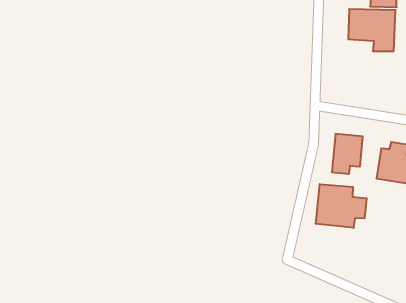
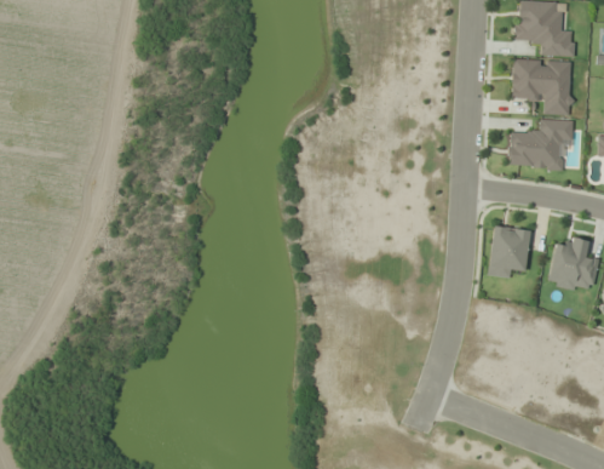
building: none -> [508,118,573,168]
building: [316,184,366,228] -> none

